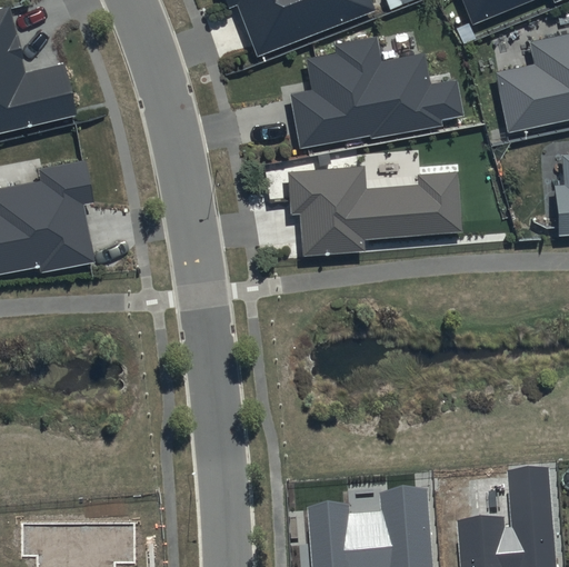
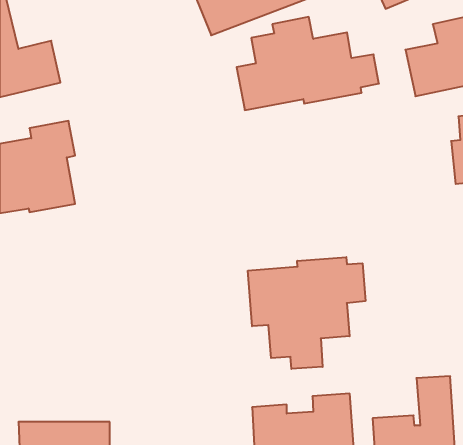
building: [284,163,460,253] -> none
building: none -> [248,257,365,369]

